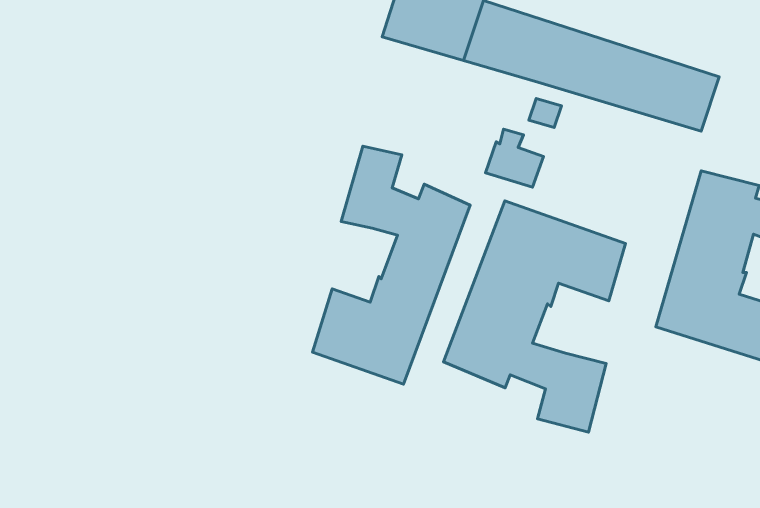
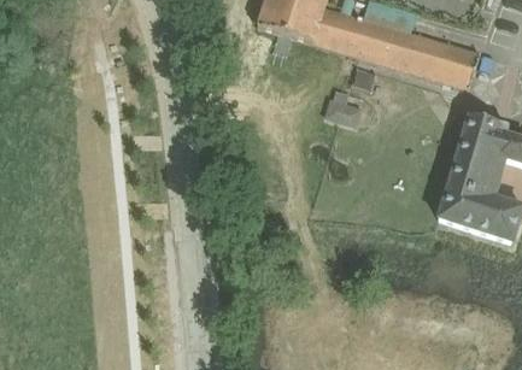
building: [313,146,470,384] -> none
building: [443,201,625,432] -> none

